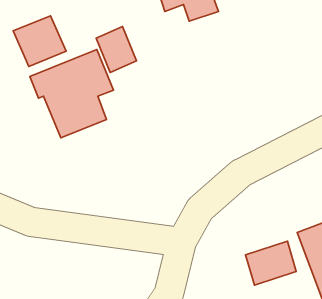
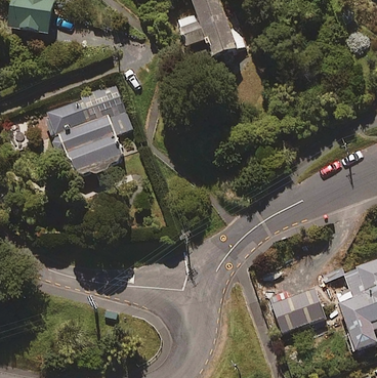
building: [13,16,66,66] -> none
building: [96,26,137,73] -> none

